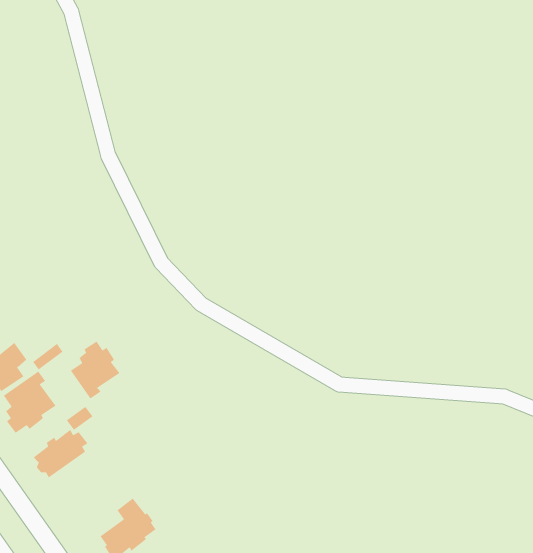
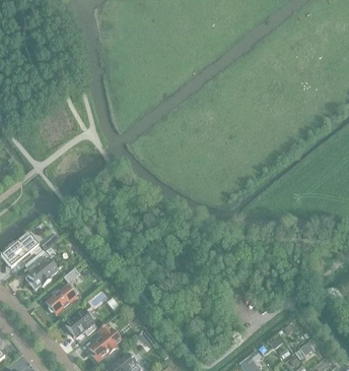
building: [70,340,120,399] -> none
building: none -> [64,310,95,336]

